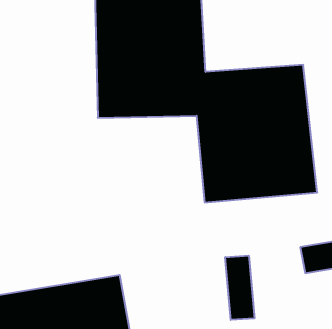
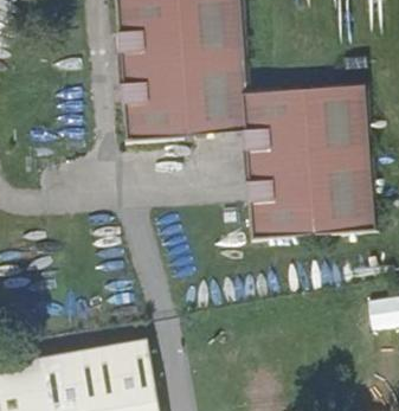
building: [225,256,254,320] -> none

